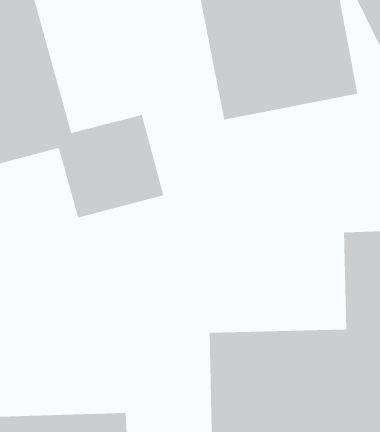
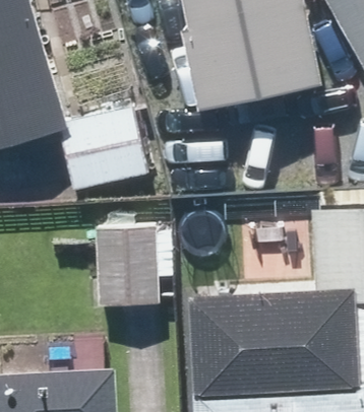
building: none -> [93,225,172,311]

